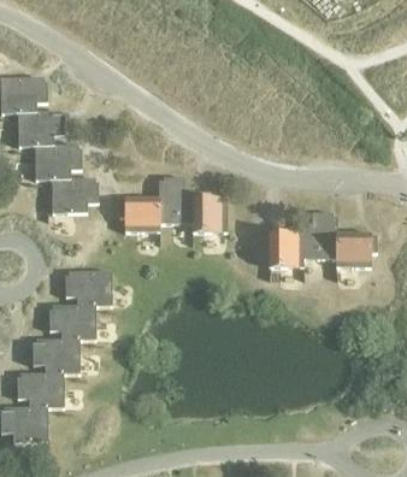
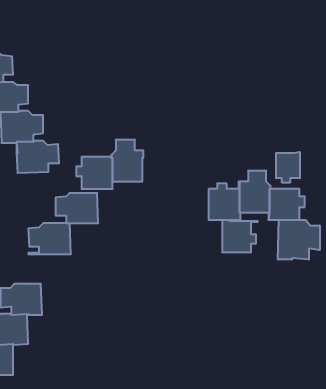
building: none -> [276,152,300,183]
building: [190,190,226,231] -> none
building: none -> [222,220,258,253]
building: none -> [278,220,320,260]
building: [48,305,96,338] -> [56,193,98,223]

